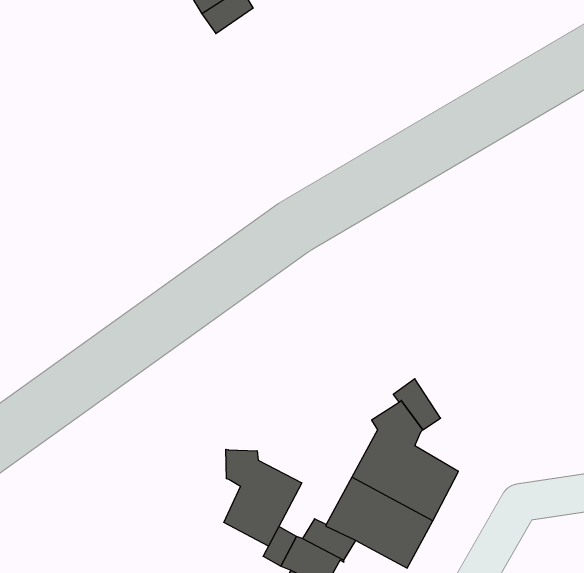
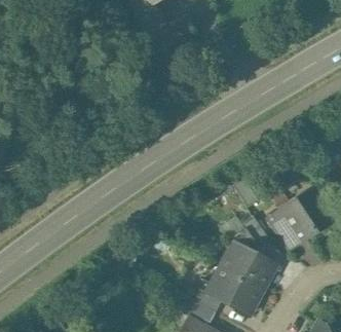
building: none -> [268,197,332,243]
building: [224,449,302,546] -> none

